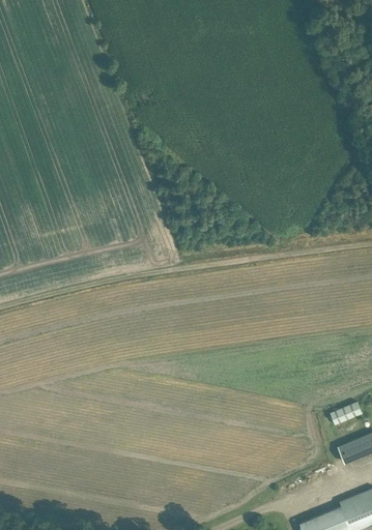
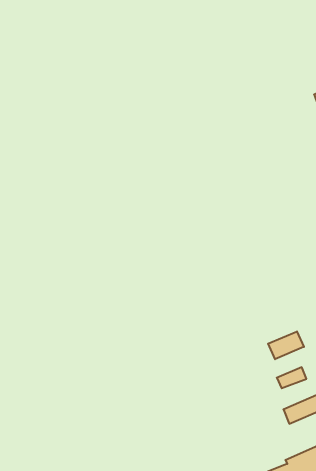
building: none -> [268,331,304,359]

